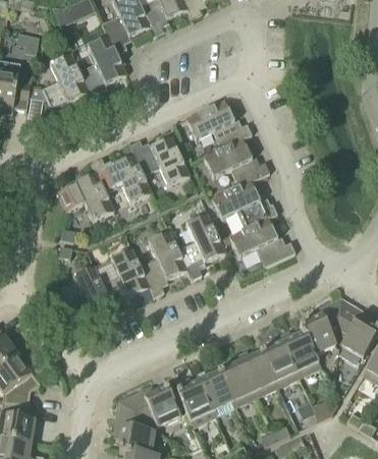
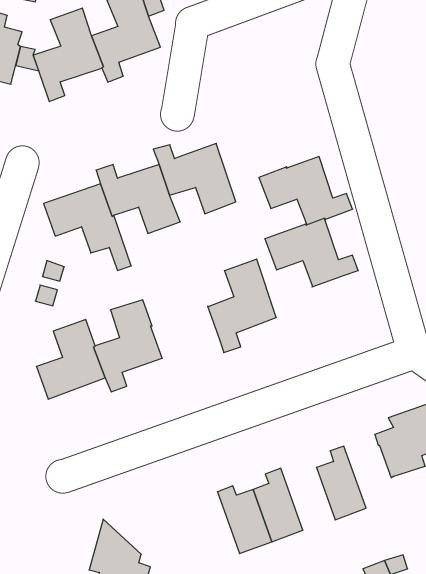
building: [185,101,252,149] -> none
building: [229,218,295,266] -> none
building: [139,231,186,296] -> none
building: [279,330,321,376] -> none
building: [237,349,278,395] -> none
building: [176,375,215,425] -> none
building: [119,386,180,426] -> none

